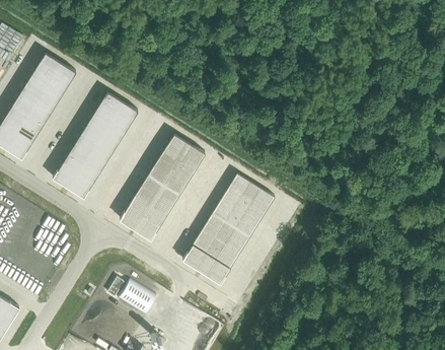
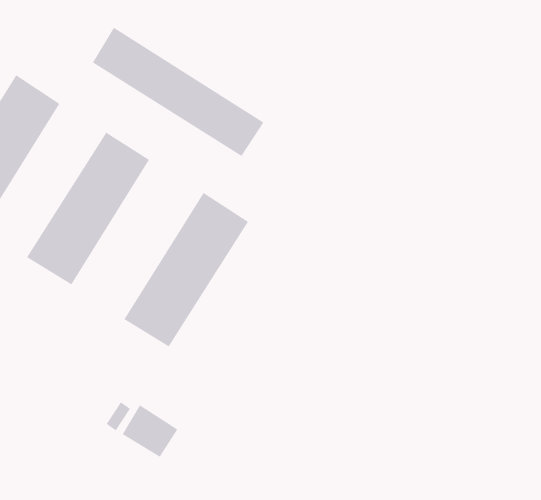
building: none -> [92,27,264,157]
building: [181,173,274,284] -> none

